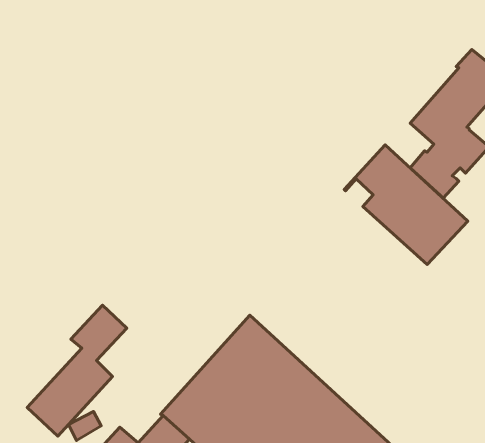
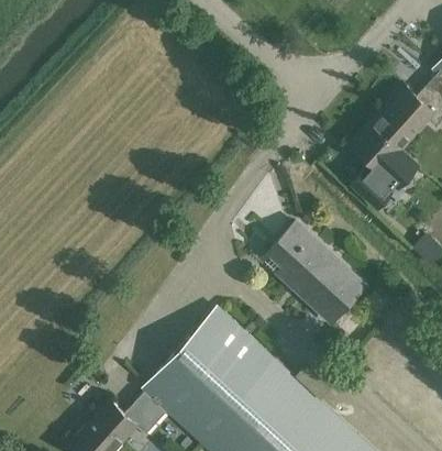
building: [344,145,468,265] -> [262,222,365,322]
building: [27,305,127,436] -> none

